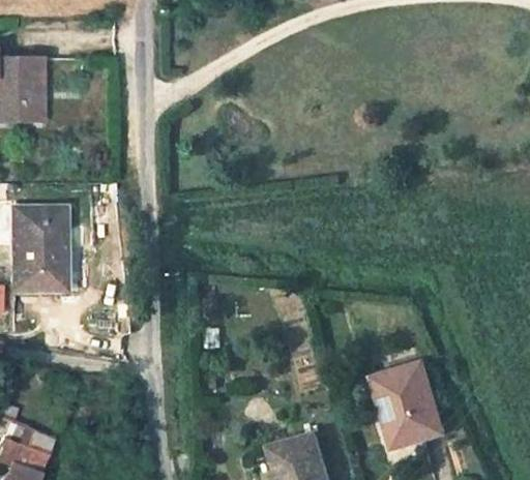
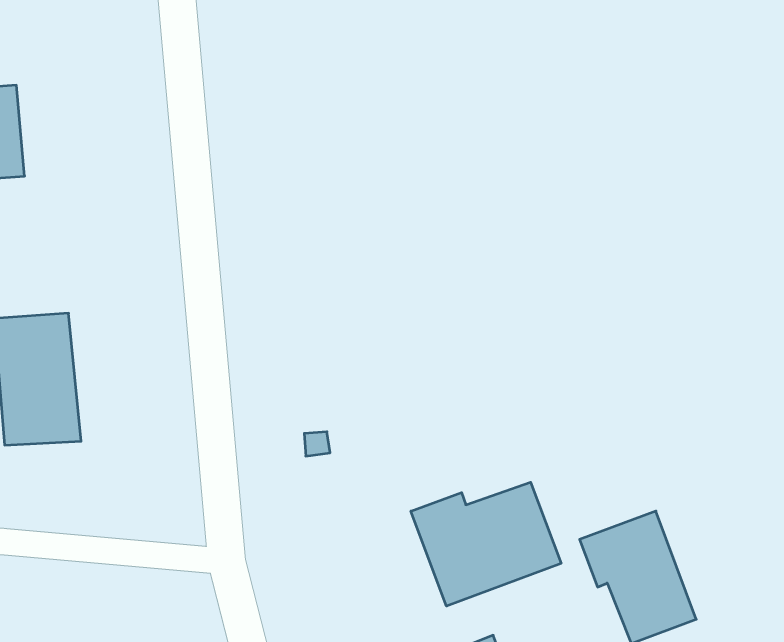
building: none -> [411,482,561,606]

